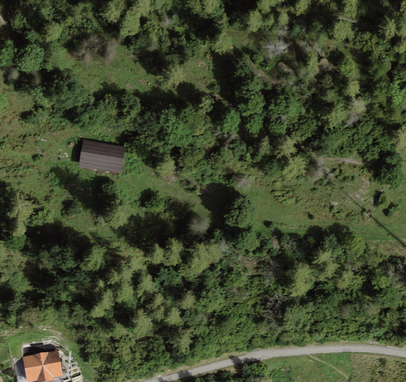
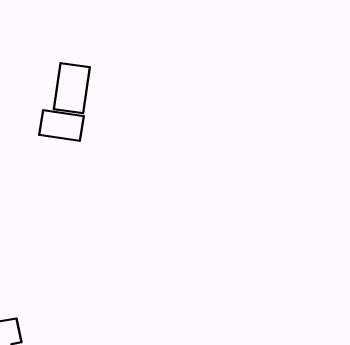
building: none -> [54,63,90,113]

